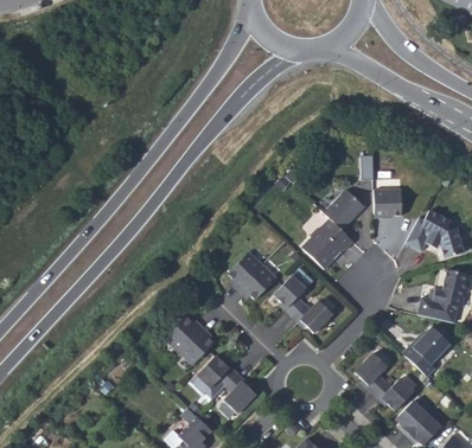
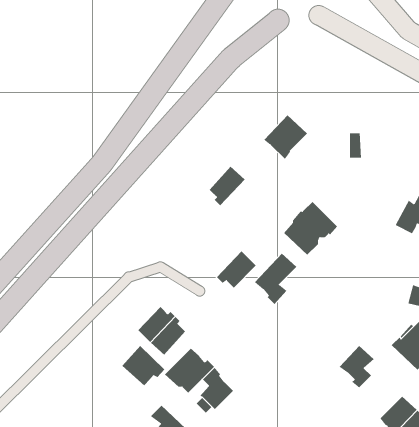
building: [377,187,404,216] -> none
building: [324,190,365,232] -> [264,114,308,160]
building: [229,251,263,289] -> [209,166,246,206]
building: [294,300,334,333] -> none
building: none -> [122,345,165,386]
building: [374,379,414,411] -> none

